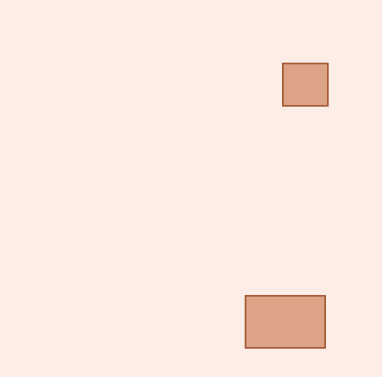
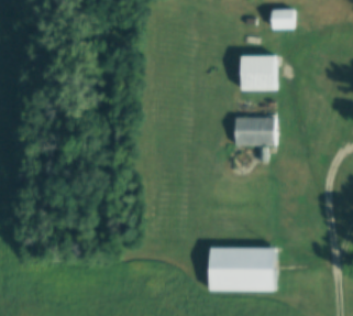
building: none -> [273,10,295,30]
building: none -> [236,118,274,144]

